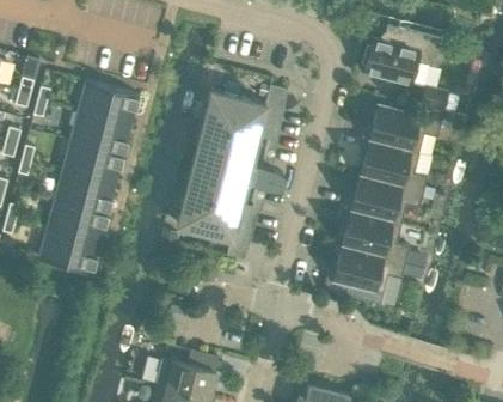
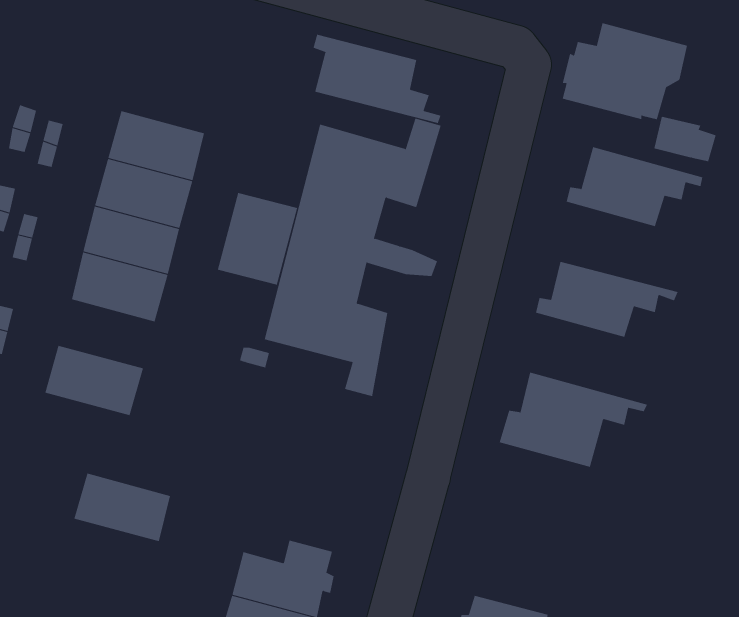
building: none -> [313,34,441,124]
building: none -> [217,192,298,286]
building: [360,139,435,195] -> none
building: [45,200,106,243] -> [74,473,171,542]
building: [341,208,416,266] -> none

